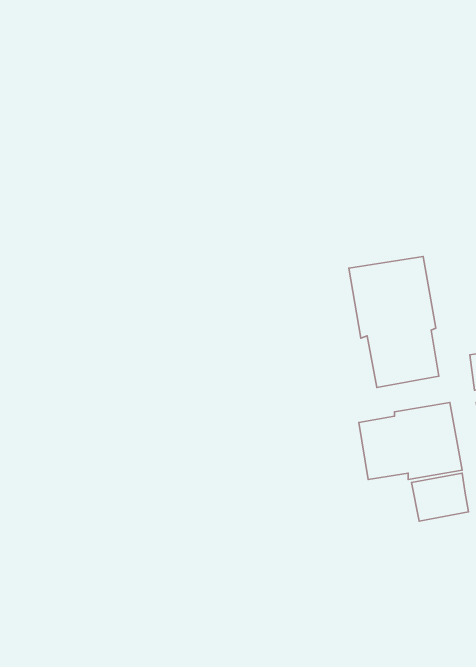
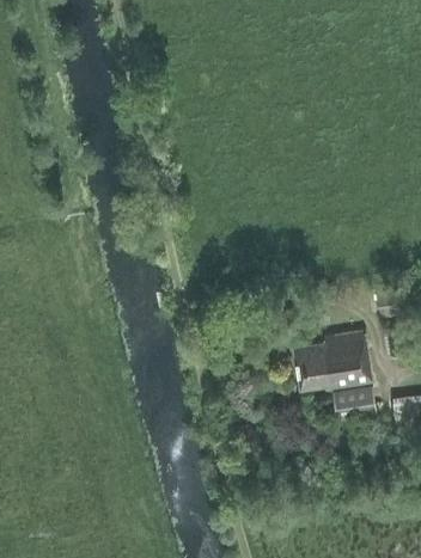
building: [349,256,439,387] -> none

